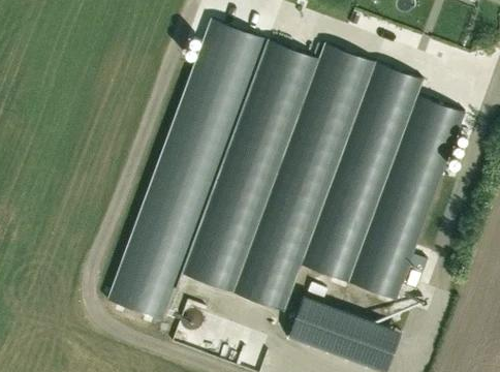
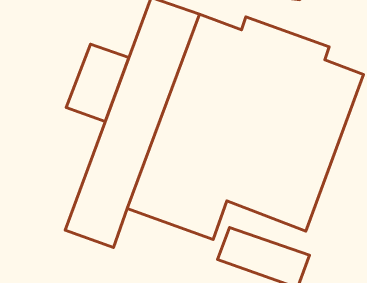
building: none -> [66,44,129,122]

